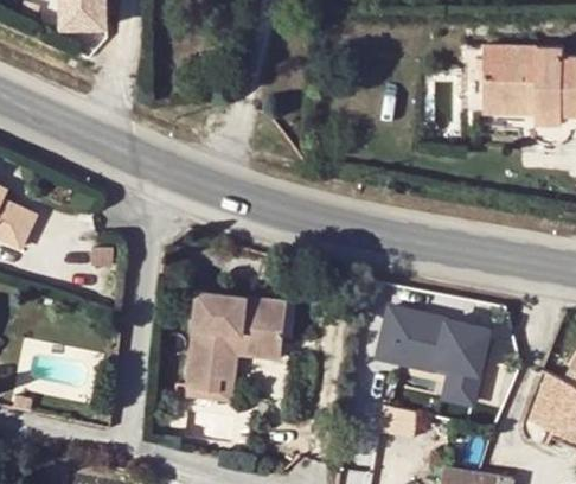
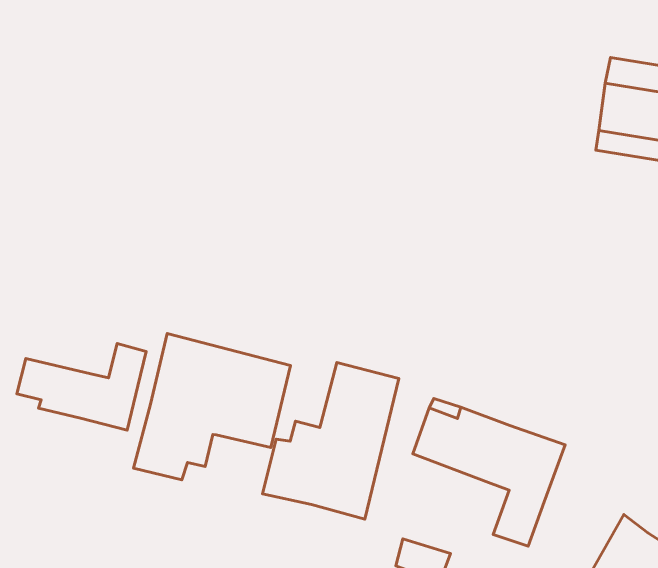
building: none -> [262,362,399,519]
building: none -> [17,344,146,430]

